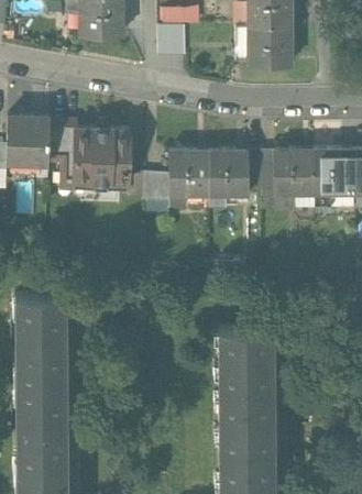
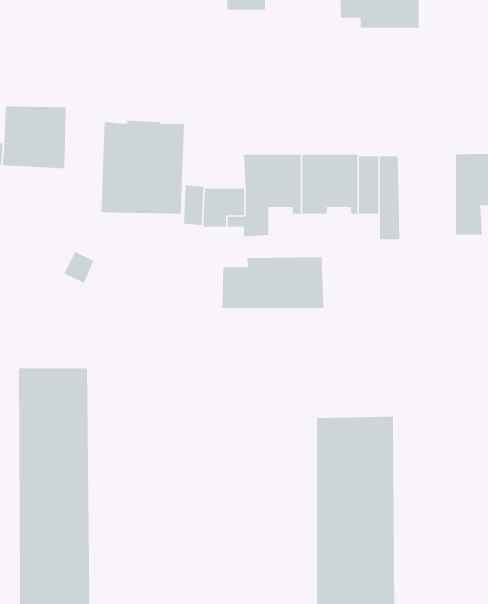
building: [50,122,77,162] -> none
building: [276,151,315,209] -> none
building: none -> [222,257,324,309]

